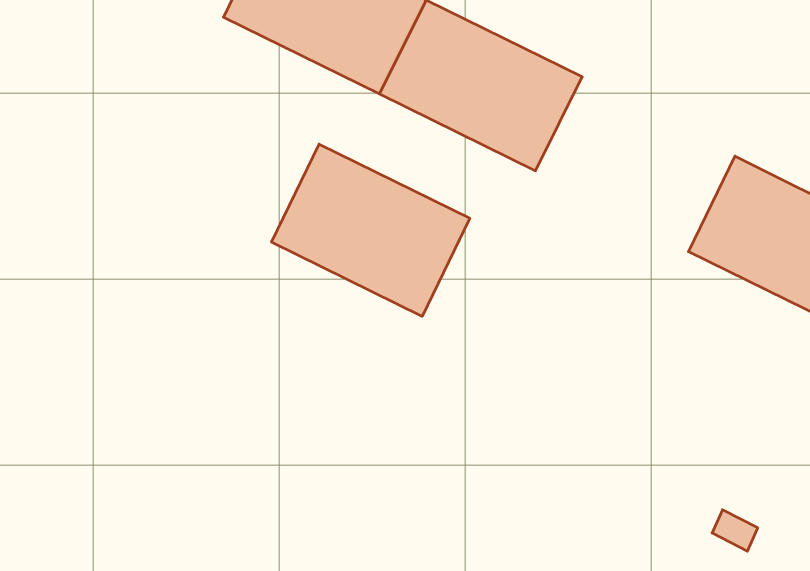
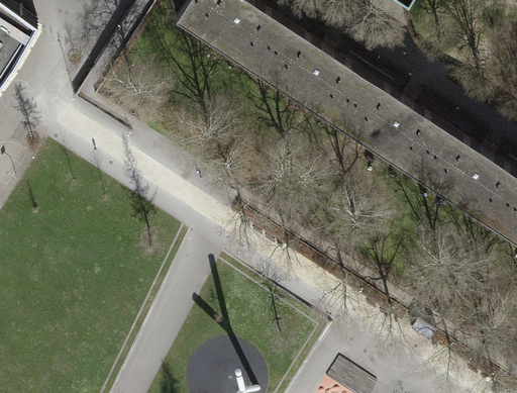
building: none -> [337,79,447,181]
building: [272,144,470,316] -> none

